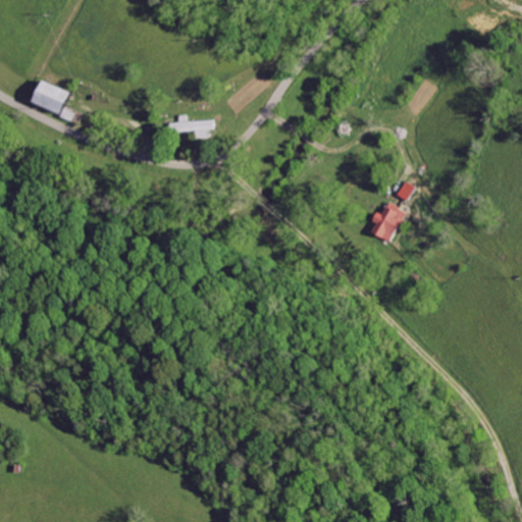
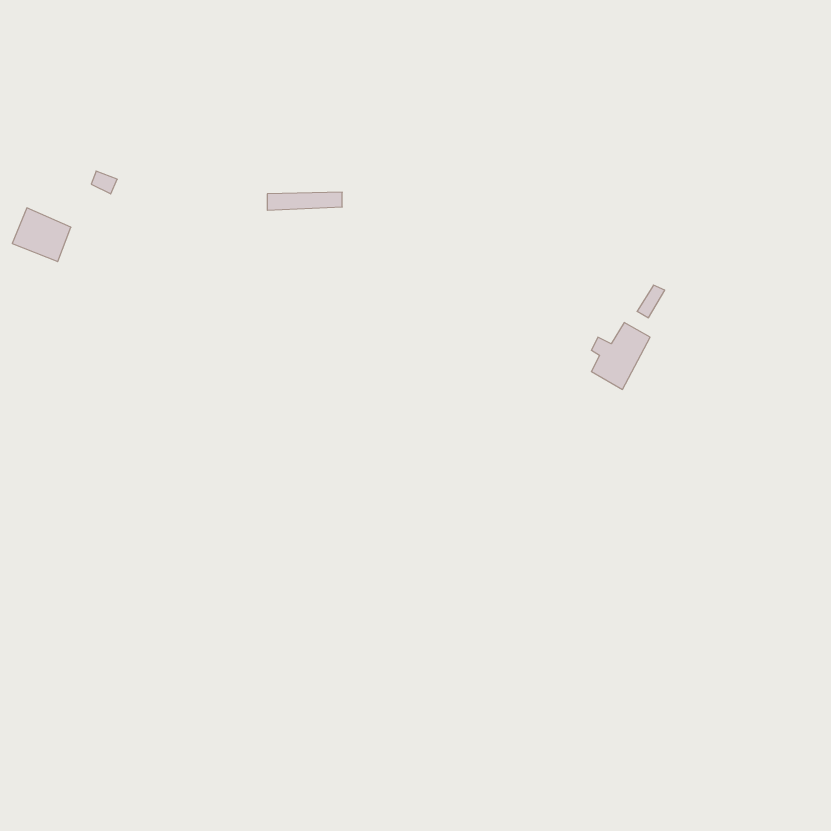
building: [29,79,65,112] -> [12,208,71,262]

